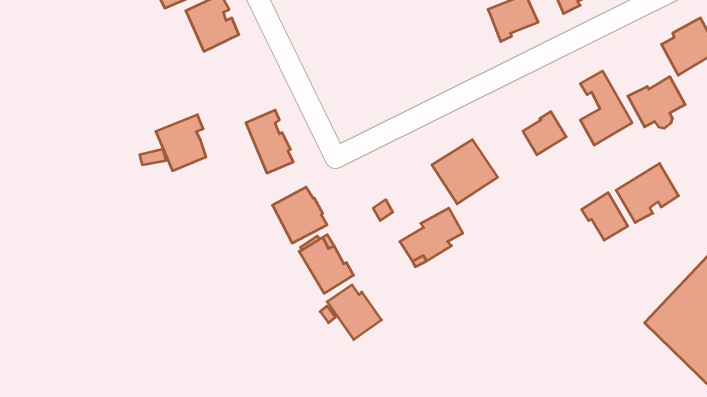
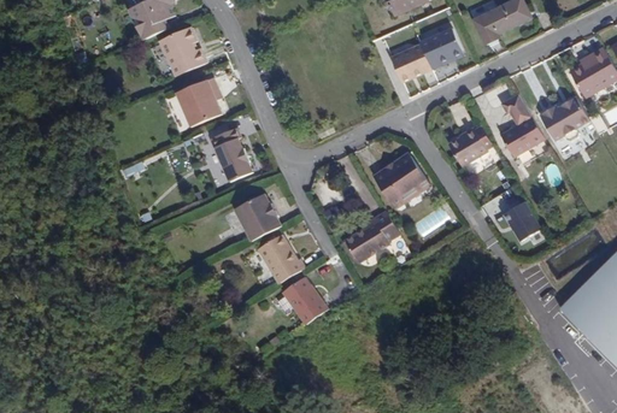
building: none -> [392,43,431,81]
building: [156,115,206,171] -> [177,78,221,126]
building: [616,163,679,223] -> none

